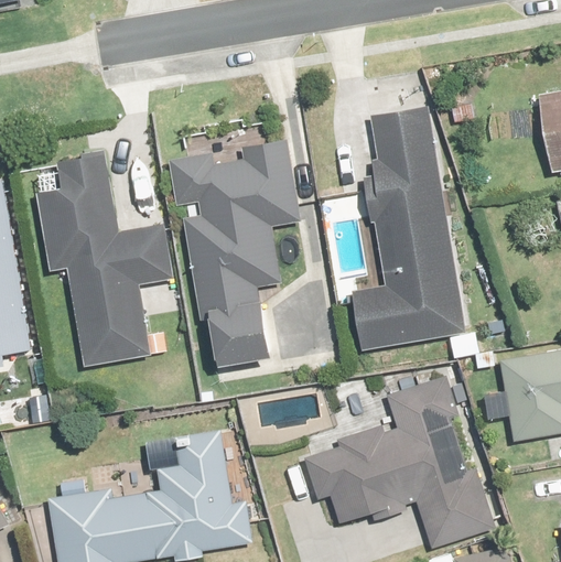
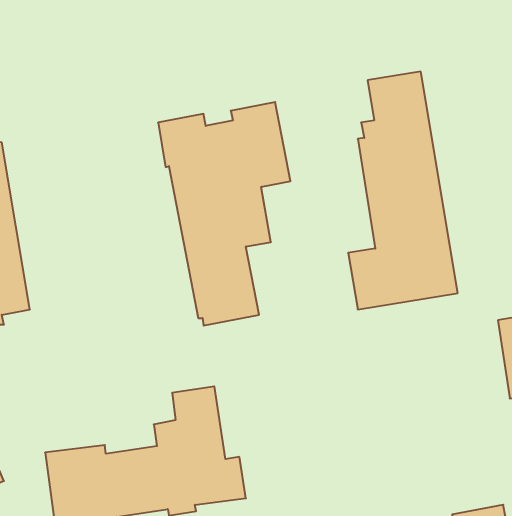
building: [30,150,169,368] -> none
building: [311,376,498,548] -> none

